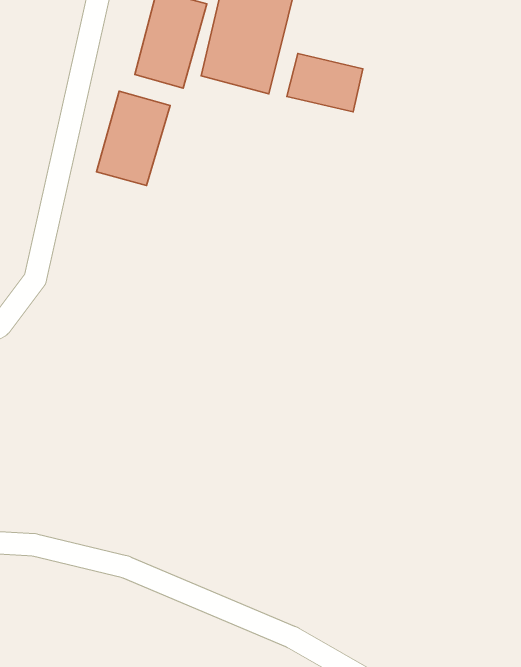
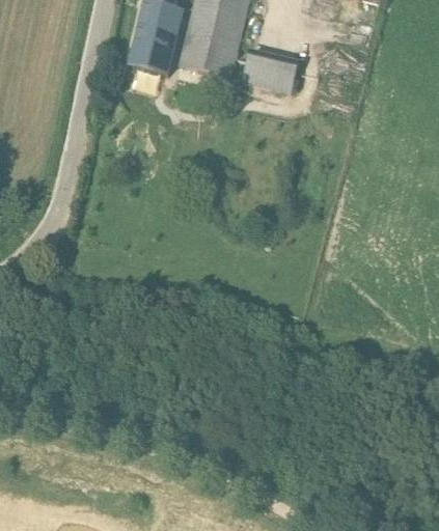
building: [97,91,170,186] -> none

